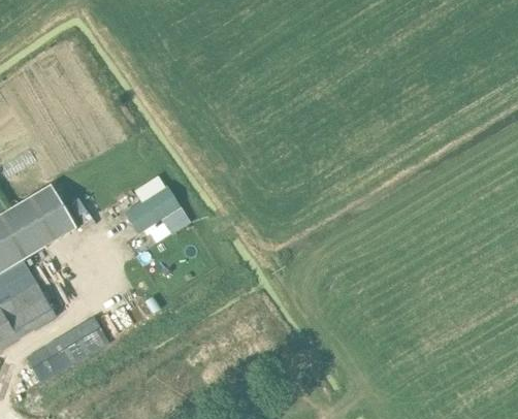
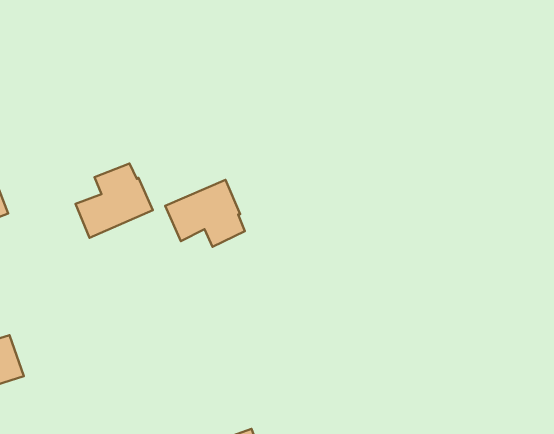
building: none -> [165,180,245,247]

